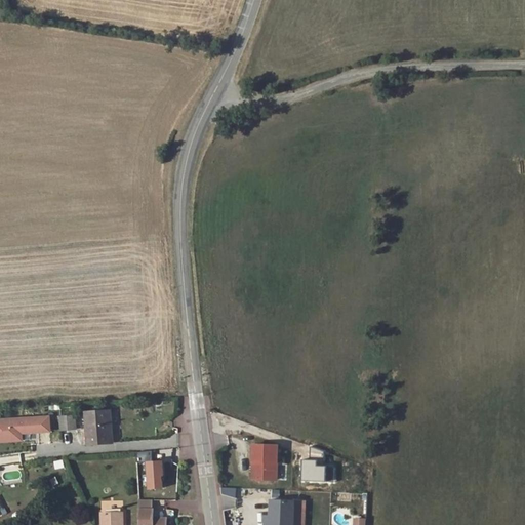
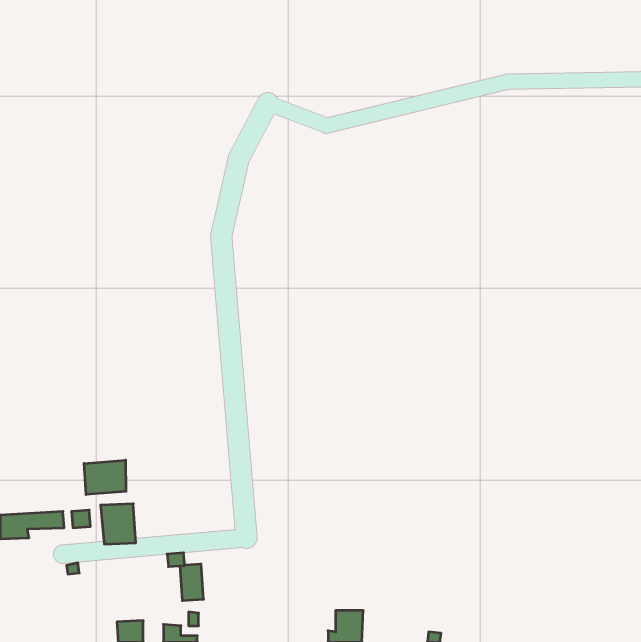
building: none -> [84,460,126,495]
building: [248,440,275,476] -> none

